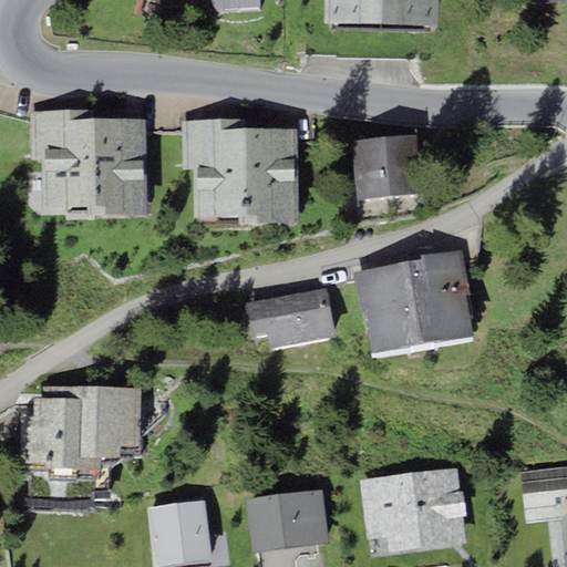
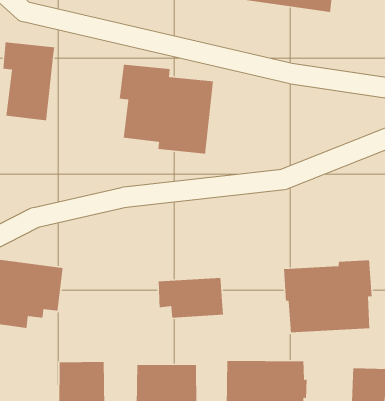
building: [91,117,146,217] -> none
building: [350,134,422,196] -> none
building: [353,247,473,352] -> [283,260,372,333]
building: [246,287,334,347] -> [158,277,224,318]

